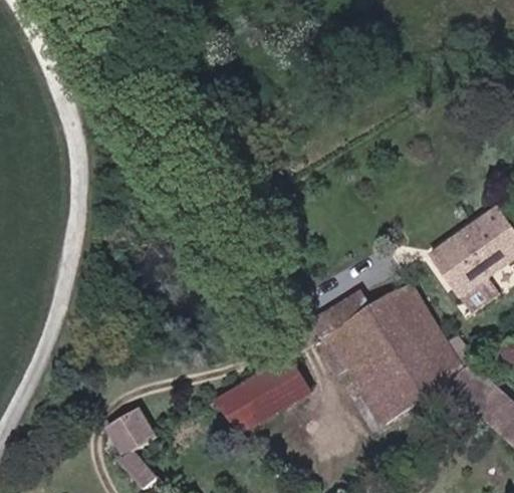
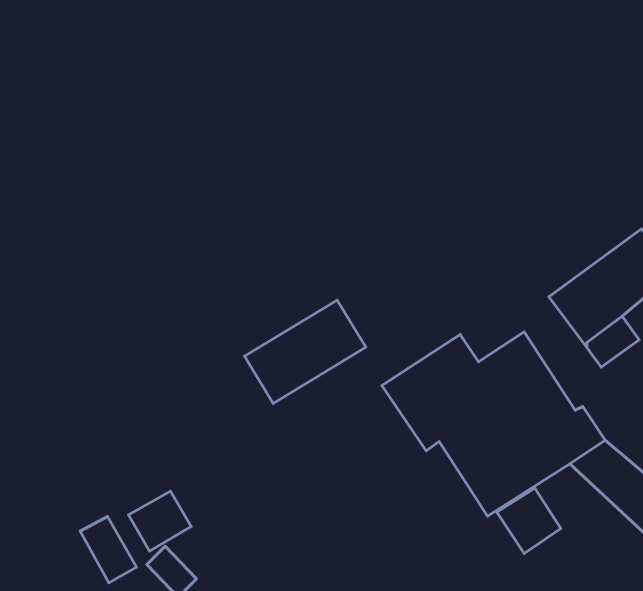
building: [216,356,309,436] -> [244,300,366,403]
building: none -> [497,488,561,554]
building: none -> [80,517,137,583]

